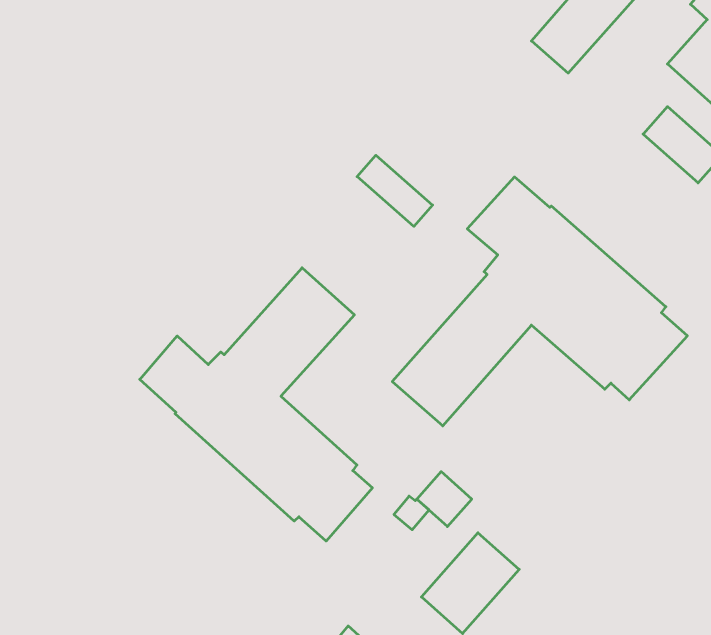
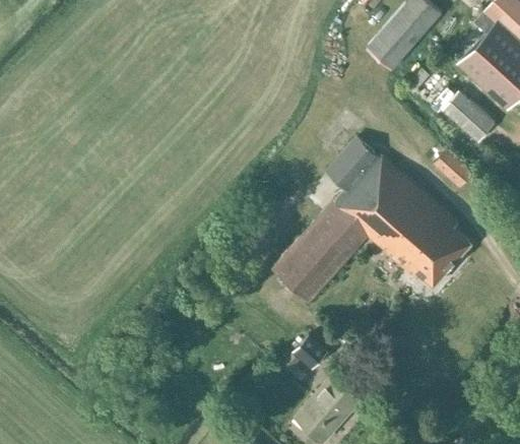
building: [357,155,433,226] -> none
building: none -> [434,149,472,186]
building: [140,268,372,541] -> none

